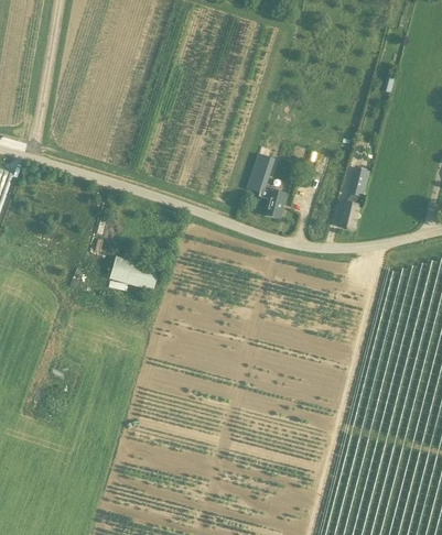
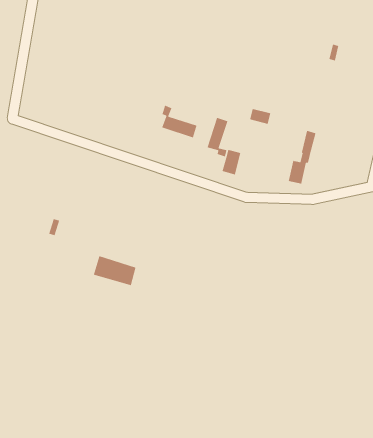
building: none -> [161,105,198,138]
building: [108,255,157,290] -> [93,255,137,286]

